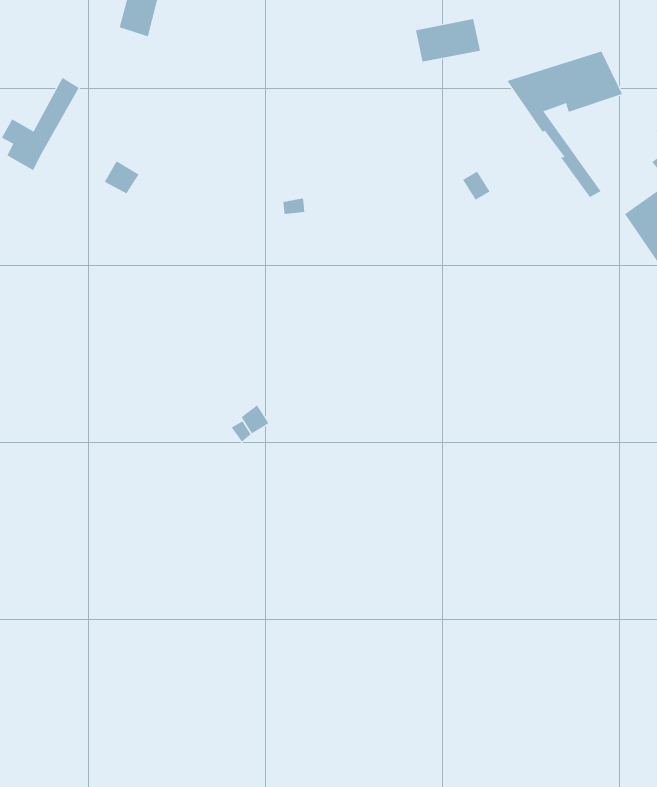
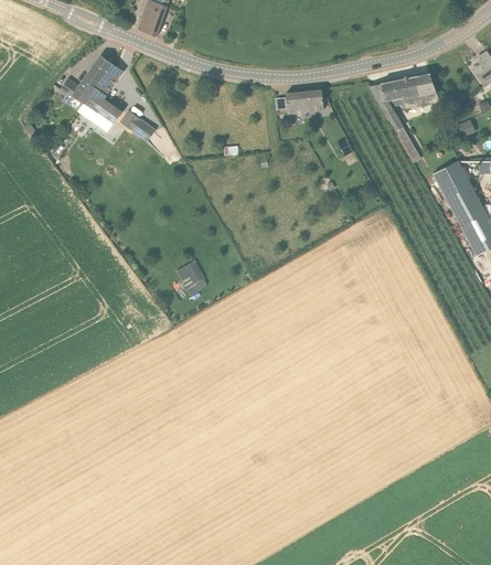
building: [415,19,481,62] -> [285,89,323,113]
building: none -> [83,63,121,121]

